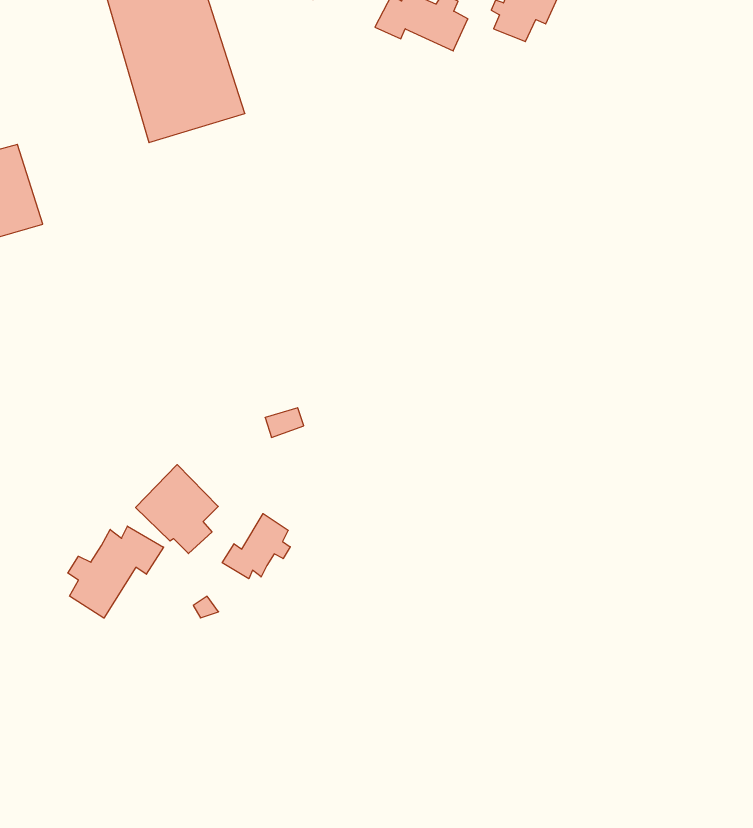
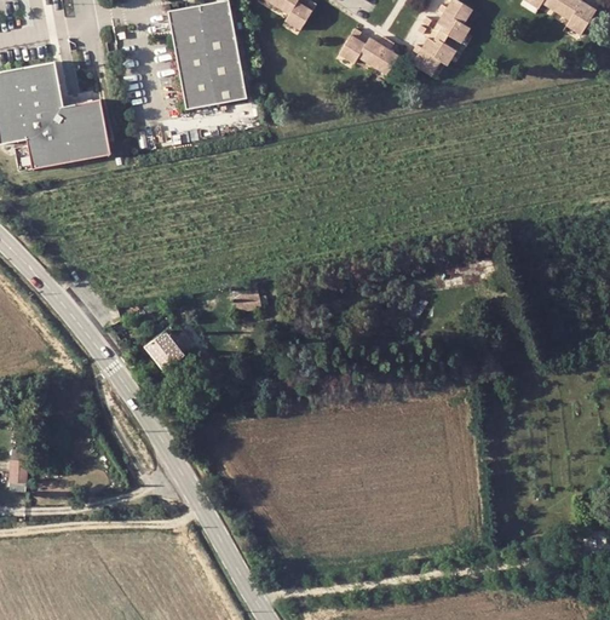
building: [222,514,290,579] -> none
building: [68,526,164,618] -> none

